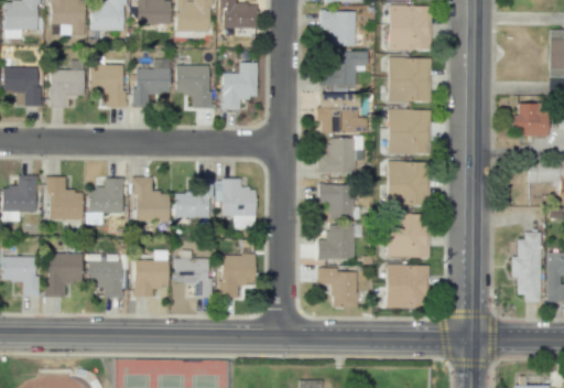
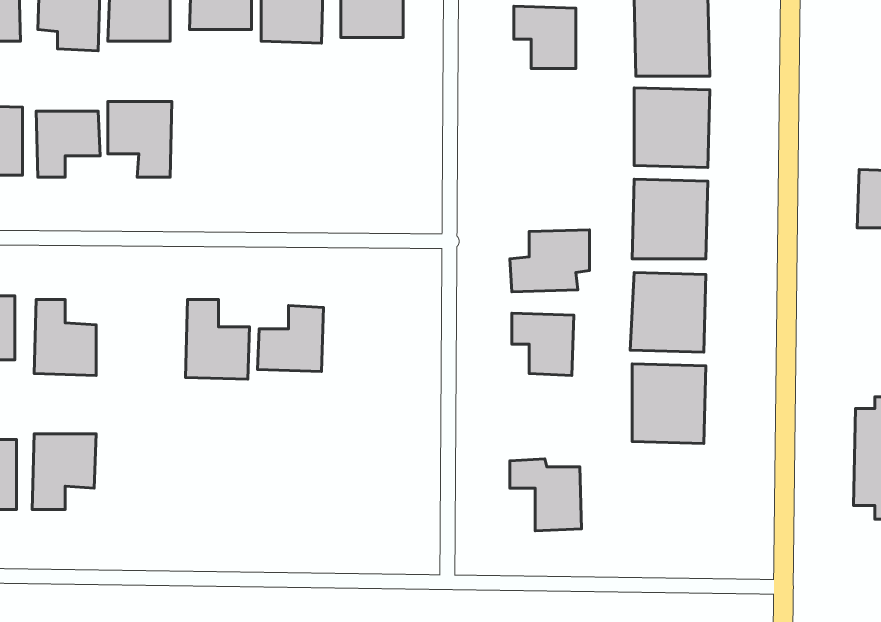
building: [322,52,367,87] -> none
building: [133,58,171,109] -> none
building: [221,63,258,110] -> none
building: [175,65,210,109] -> none
building: [315,94,366,133] -> none
building: [88,179,122,213] -> none
building: [215,180,256,229] -> none
building: [317,225,355,260] -> none
building: [133,251,169,297] -> none
building: [88,255,123,298] -> none
building: [219,255,256,299] -> none
building: [174,256,210,298] -> none
building: [386,266,427,309] -> none

